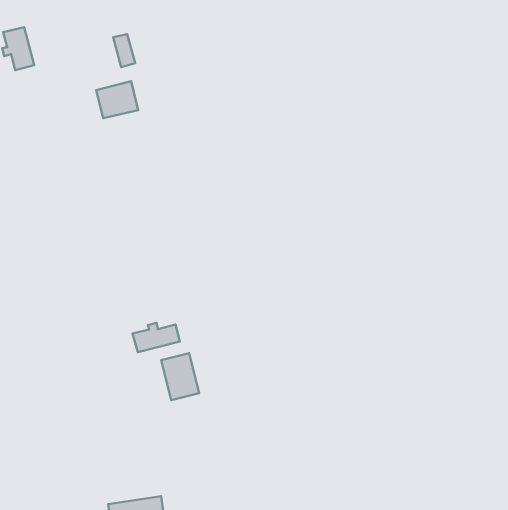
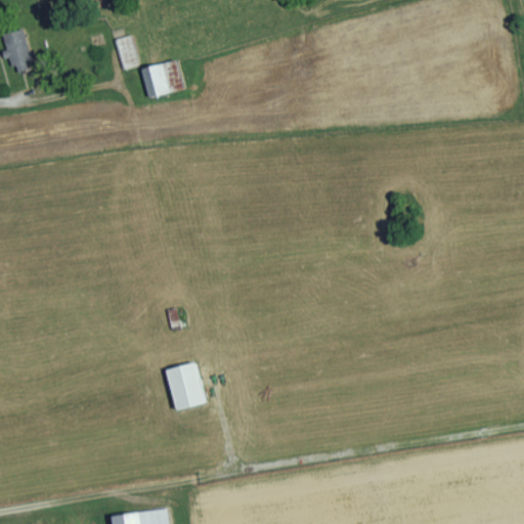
building: [96,81,138,118] -> [140,59,183,97]
building: [133,323,180,352] -> none

